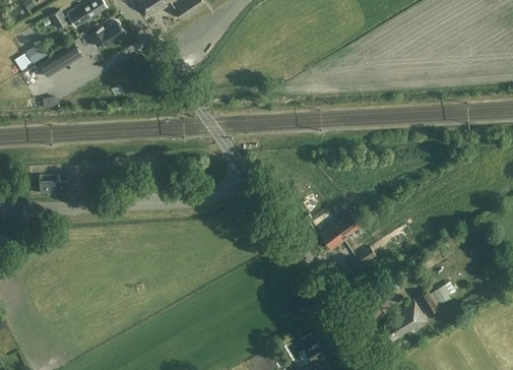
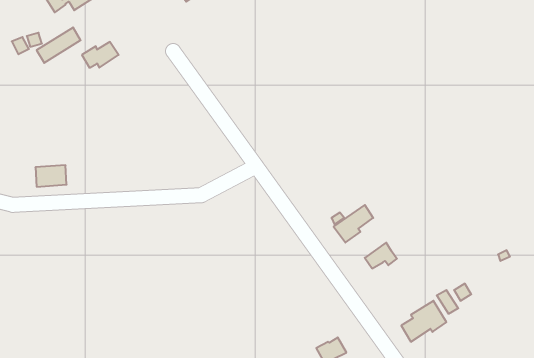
building: [89,21,124,46] -> [82,42,119,68]

